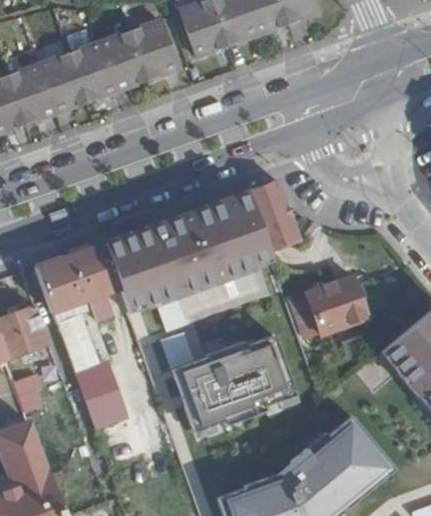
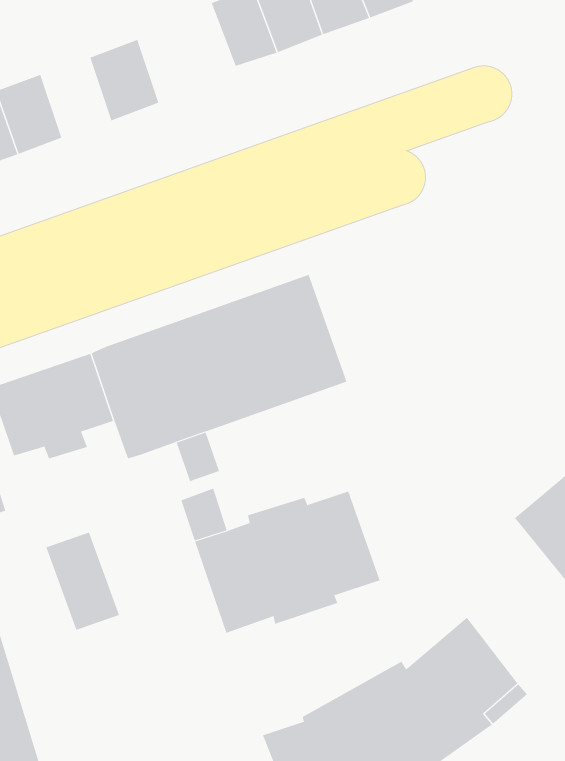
building: [134,25,176,77] -> none
building: [69,46,116,100] -> none
building: [248,179,303,256] -> none
building: [304,272,375,338] -> none
building: [51,305,93,371] -> none

